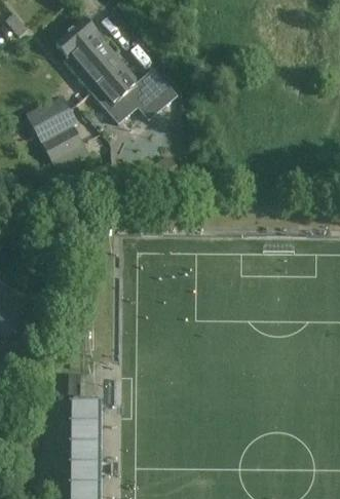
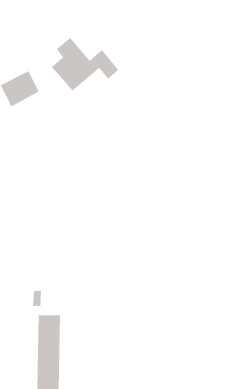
building: [55,18,113,91] -> none
building: [41,126,81,160] -> none

